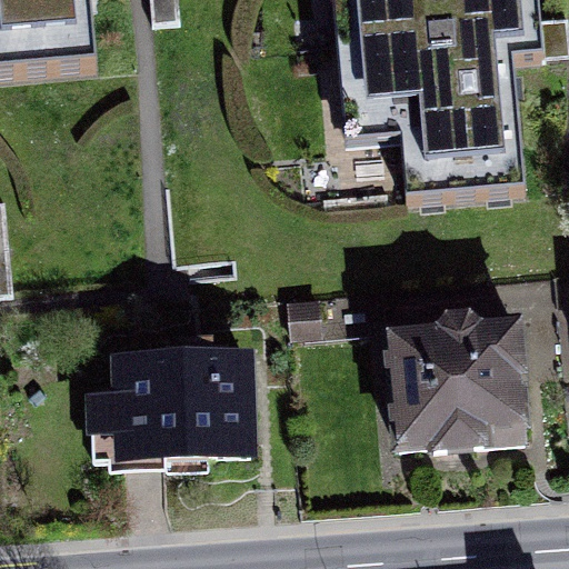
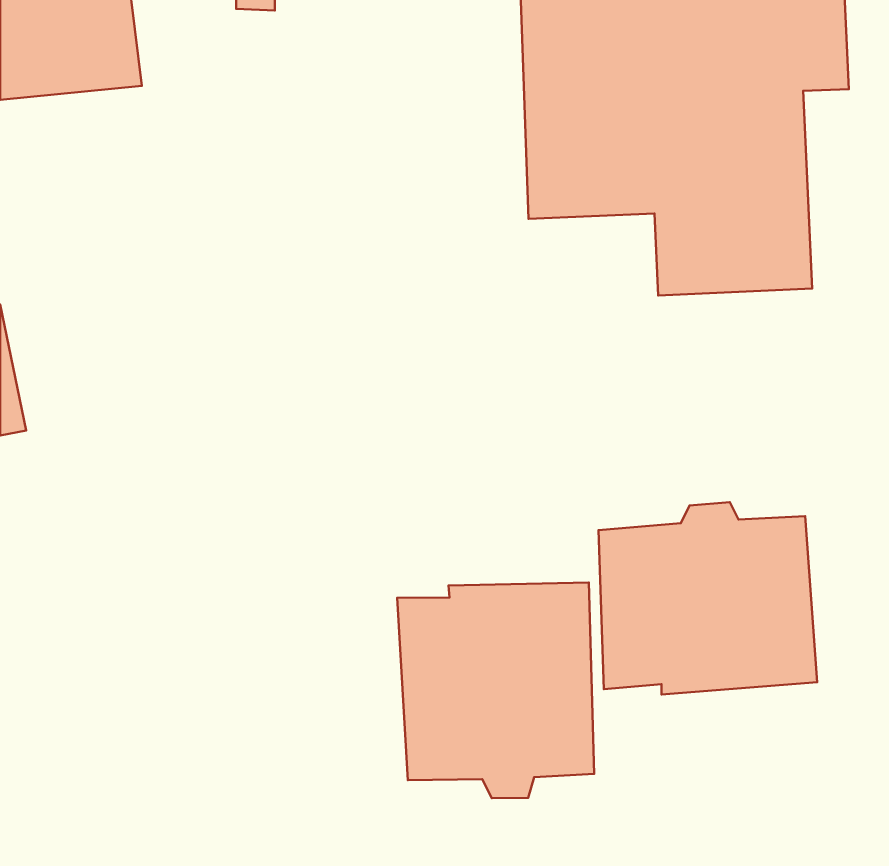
building: [121,347,247,455] -> none
building: none -> [397,583,594,798]

